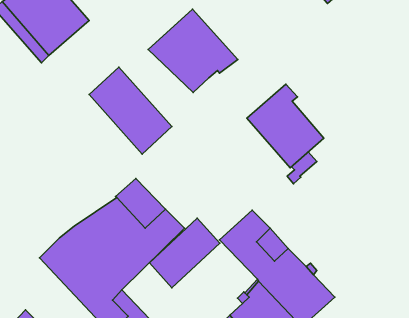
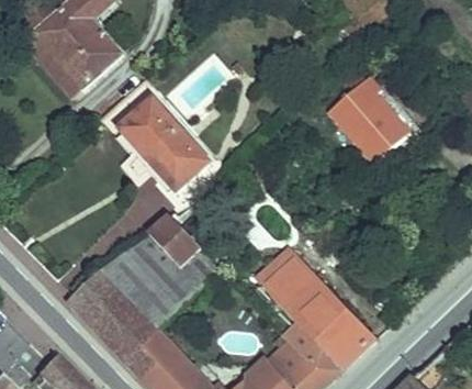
building: [148,9,238,93] -> none
building: [247,84,324,168] -> [328,76,408,163]
building: [149,218,220,288] -> none

